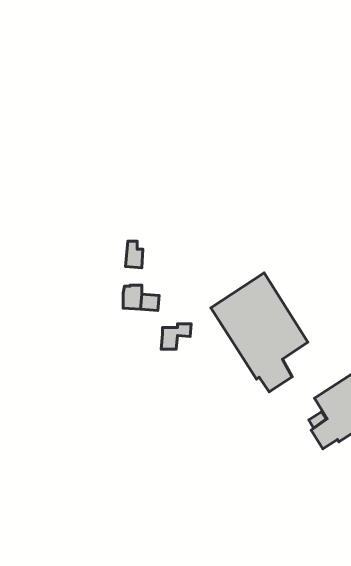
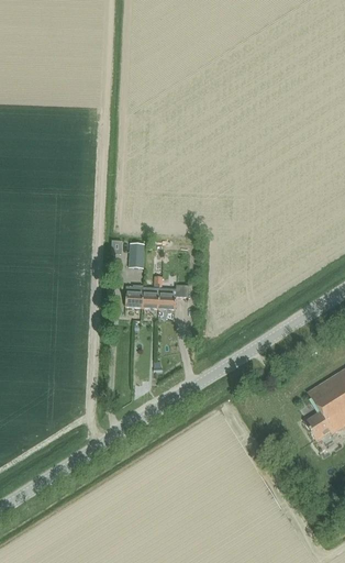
building: [211,273,308,392] -> none
building: [161,324,191,349] -> [159,283,188,307]

